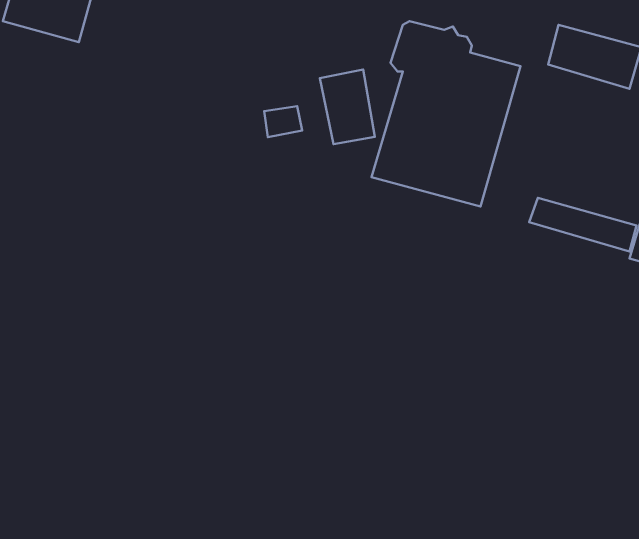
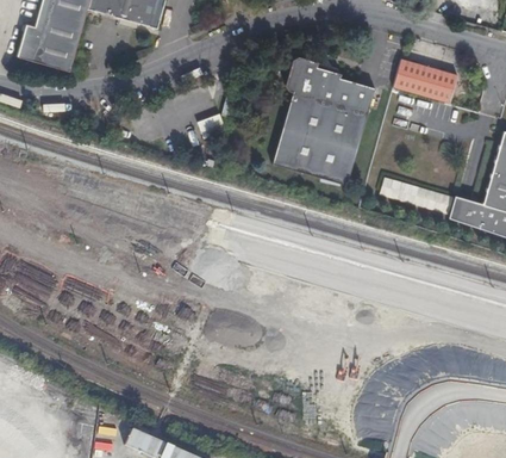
building: [320,70,375,144] -> none

